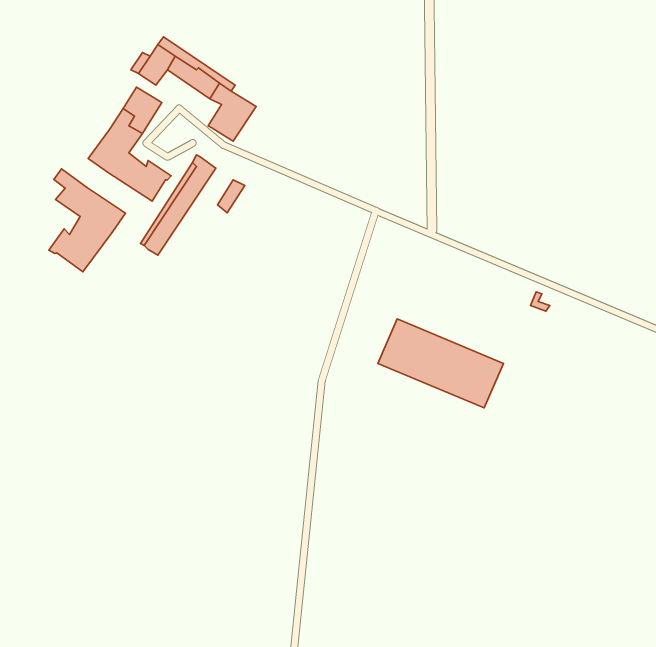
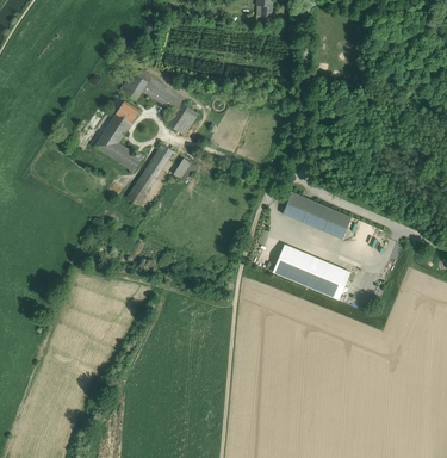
building: [49,169,125,272] -> none
building: none -> [283,192,352,239]

